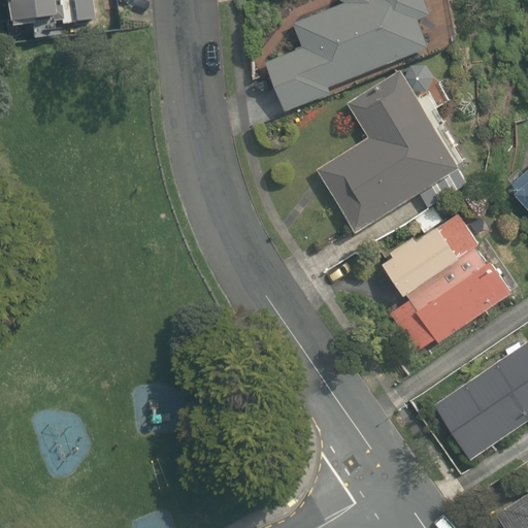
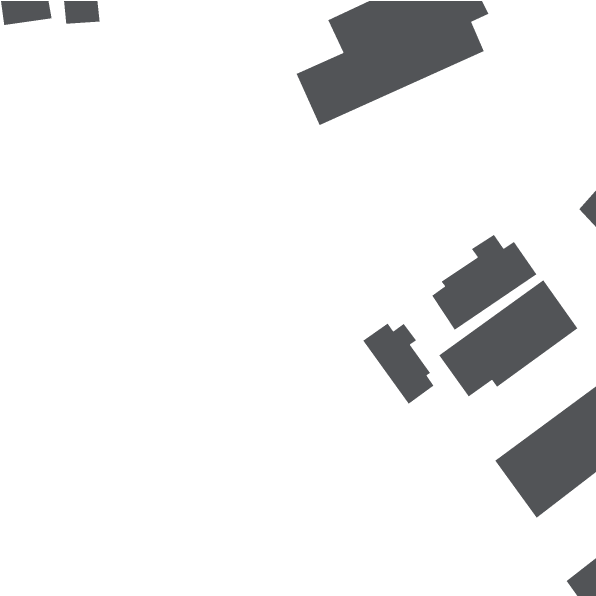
building: [321,71,457,226] -> none
building: none -> [362,322,435,405]

